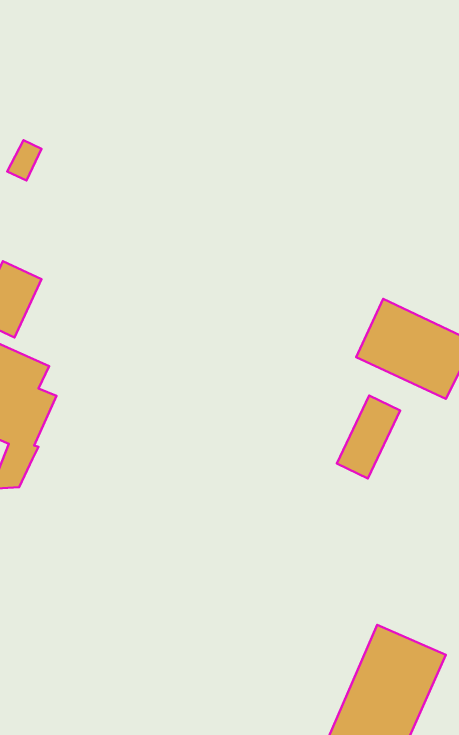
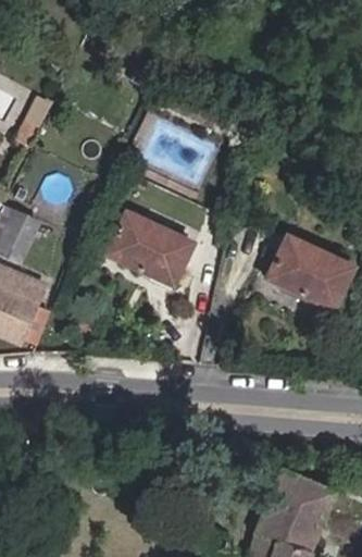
building: none -> [108,213,192,285]
building: [337,396,400,478] -> none

